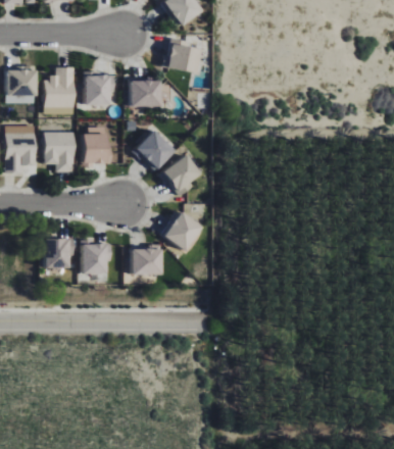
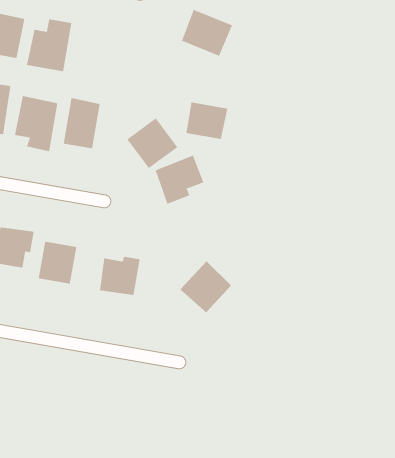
building: [86,76,114,106] -> none
building: [131,81,161,106] -> [185,102,228,140]
building: [161,209,202,251] -> [180,261,232,313]

